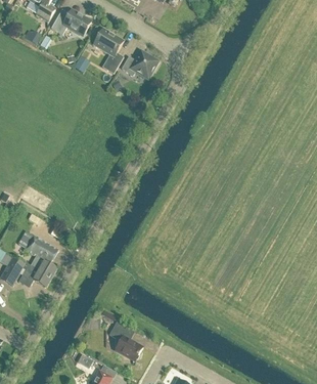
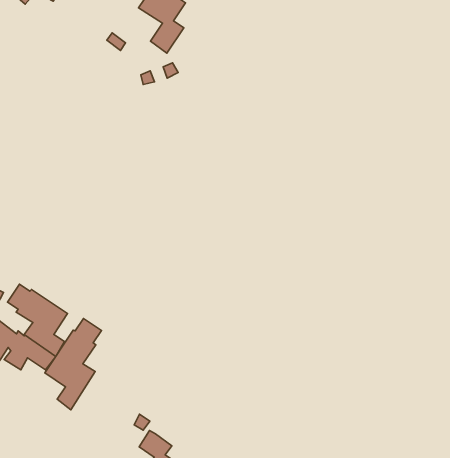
building: [121,50,158,77] -> none
building: none -> [45,319,101,410]

